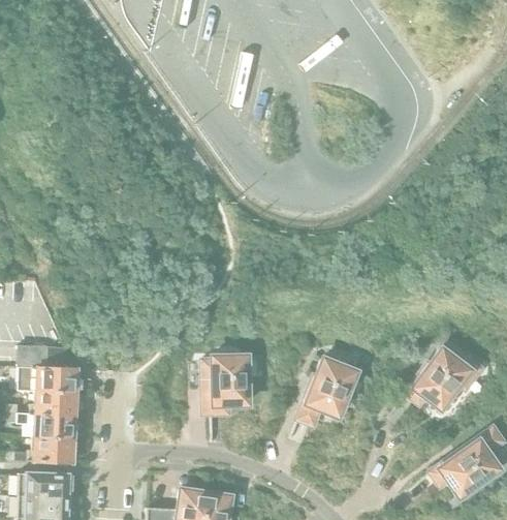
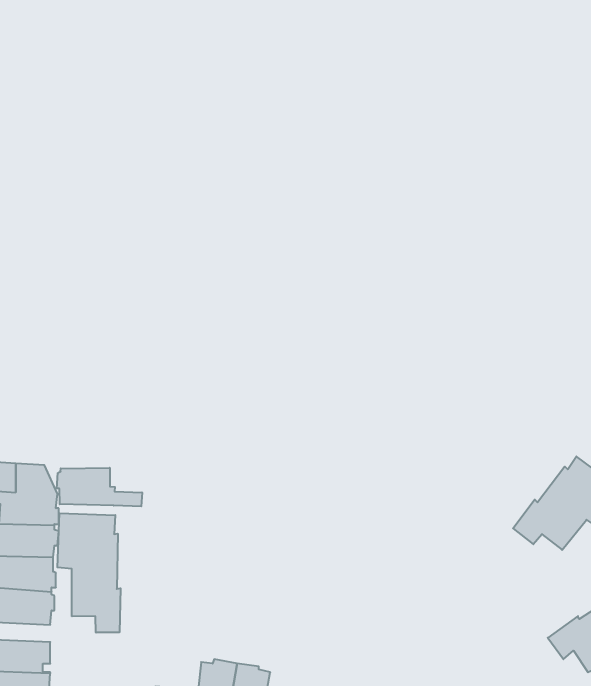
building: none -> [57,468,142,506]
building: [202,354,250,416] -> none
building: [296,354,353,428] -> none
building: none -> [57,513,121,633]

